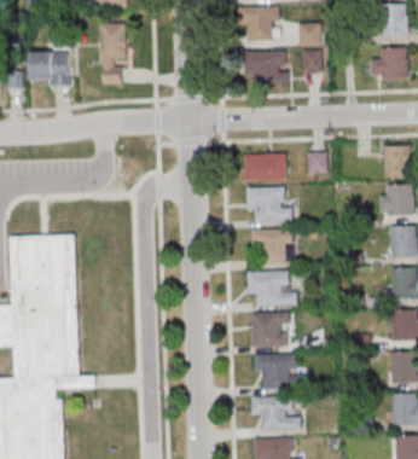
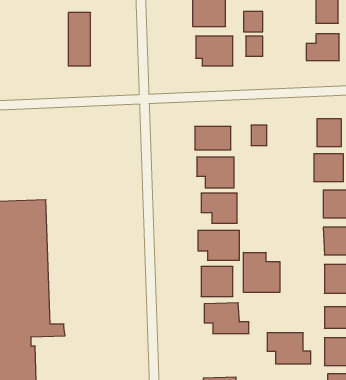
building: [30,51,69,85] -> none
building: none -> [243,252,280,292]
building: [251,396,301,431] -> [267,333,311,364]

